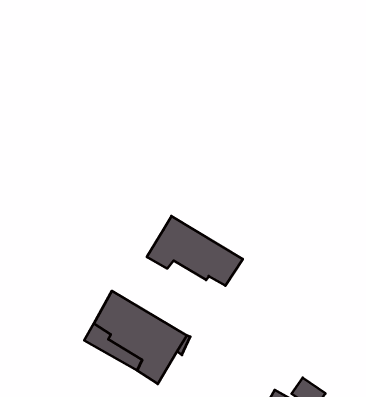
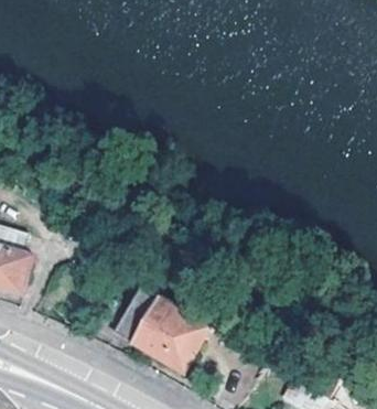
building: [147,216,243,286] -> none

